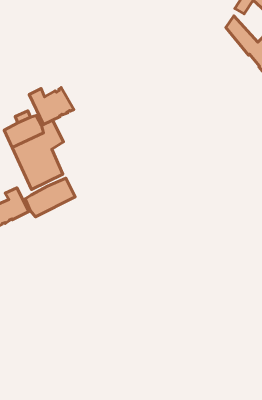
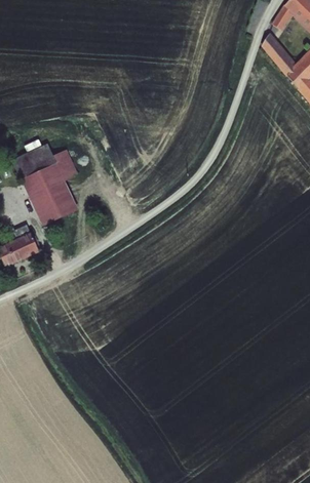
building: [29,87,74,124] -> none
building: [25,178,75,217] -> none

